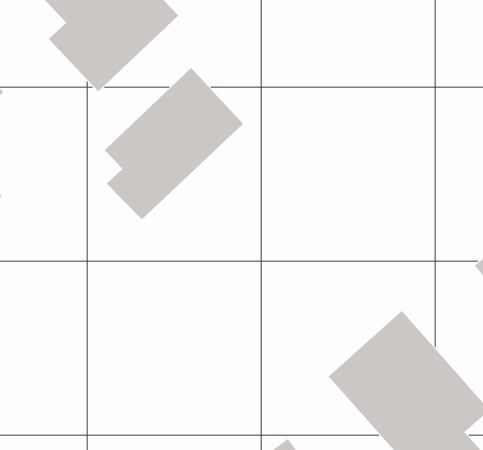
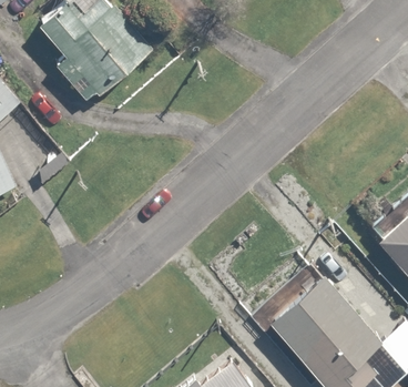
building: [104,67,244,220] -> none

